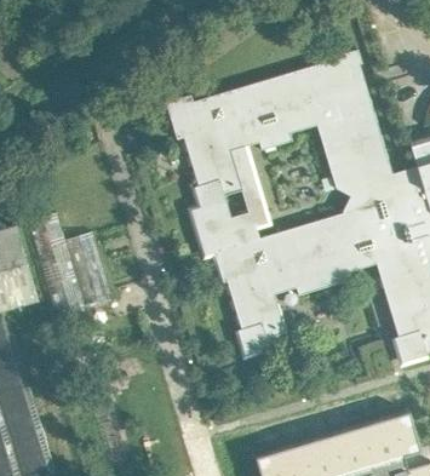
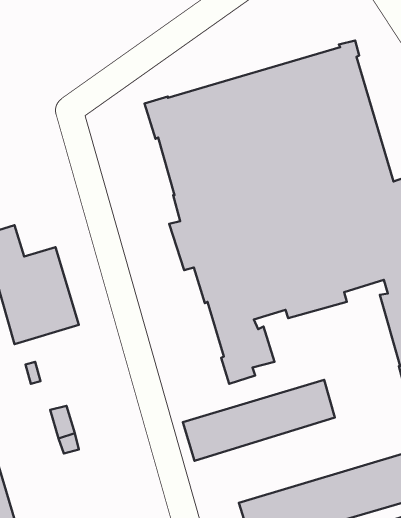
building: none -> [183,380,335,461]

